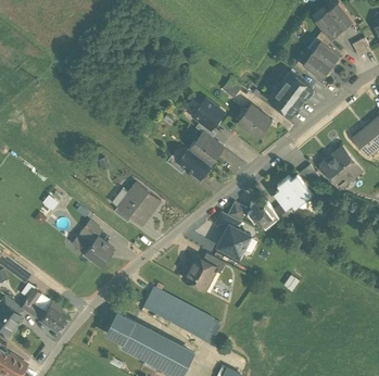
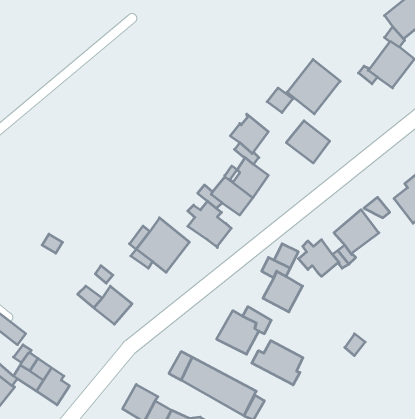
building: [269,72,312,115] -> [287,59,340,114]
building: none -> [188,201,231,248]
building: none -> [252,341,303,385]

